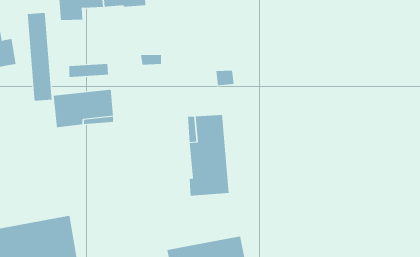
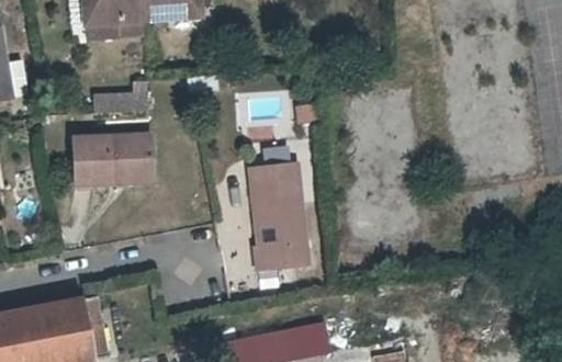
building: [27,12,52,101] -> none

